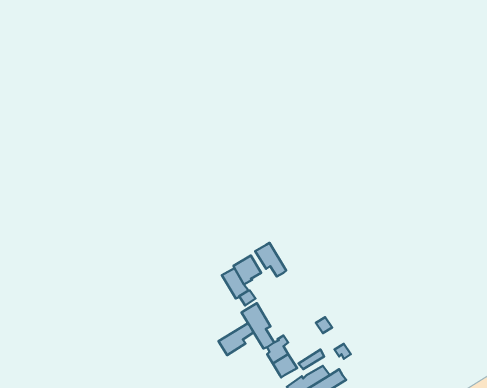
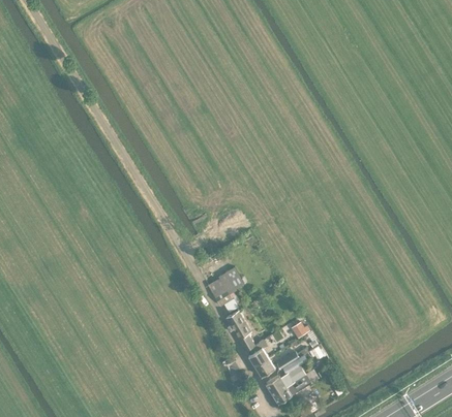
building: [255,243,286,277] -> none
building: [219,323,254,355] -> none

